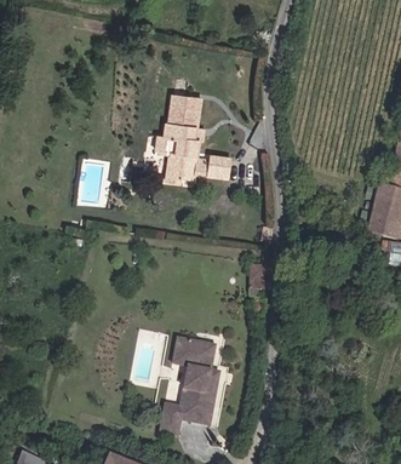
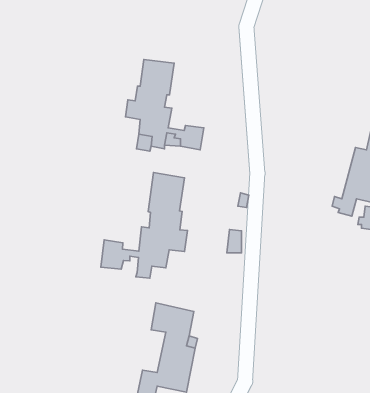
building: none -> [101,172,187,278]

